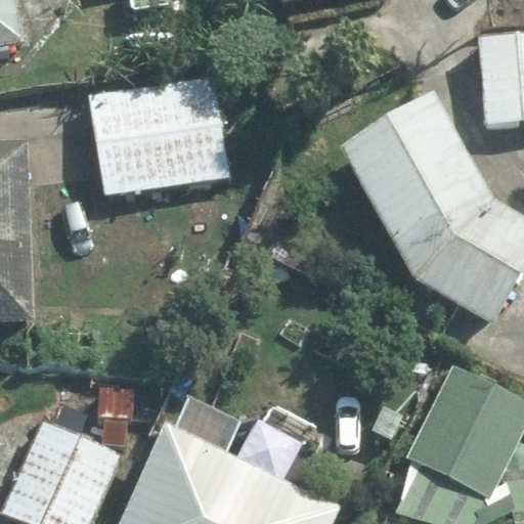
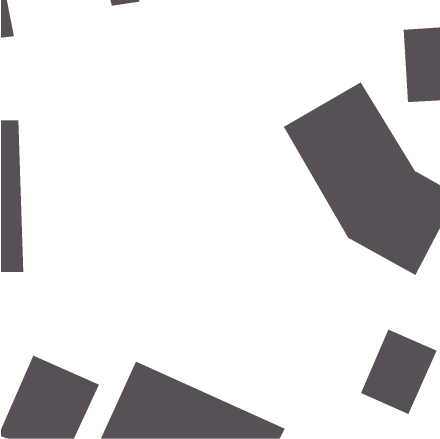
building: [89,74,232,193] -> none

